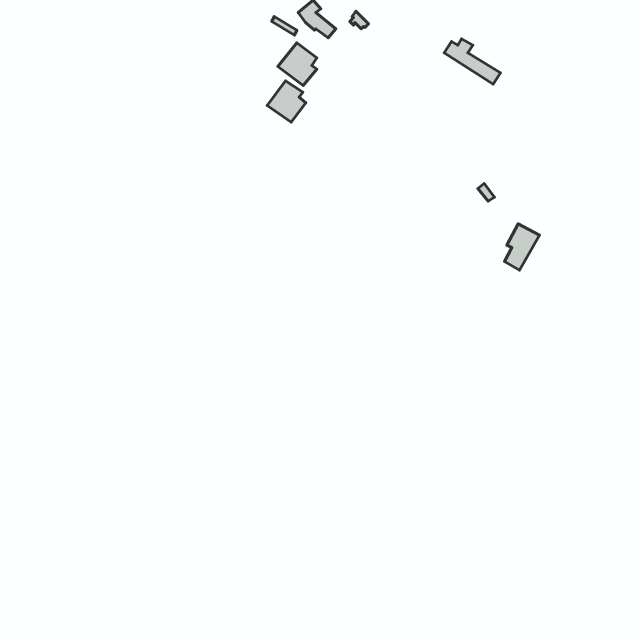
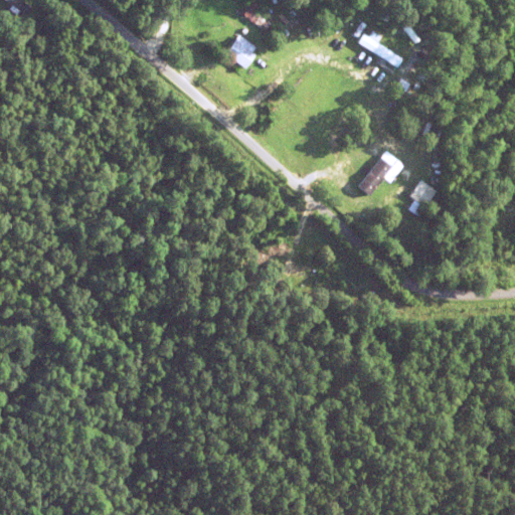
building: [267,81,306,122] -> none
building: none -> [359,158,393,195]

